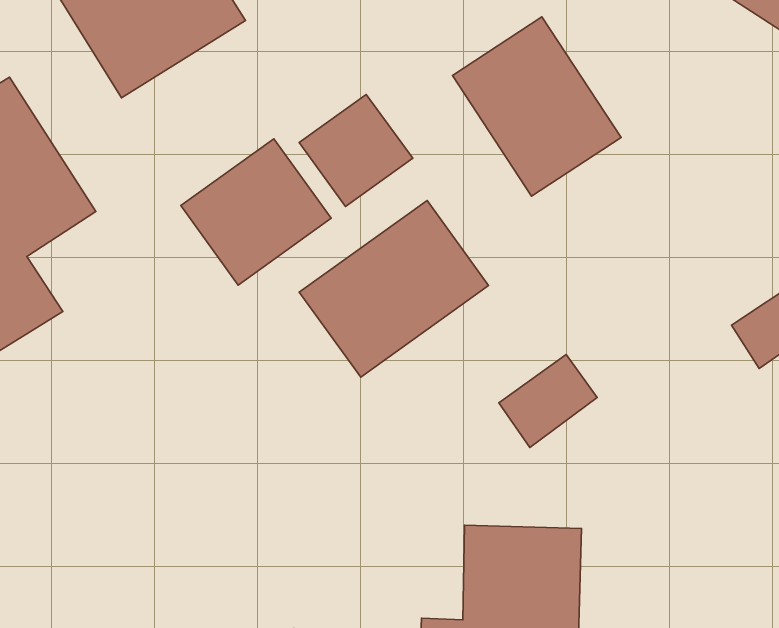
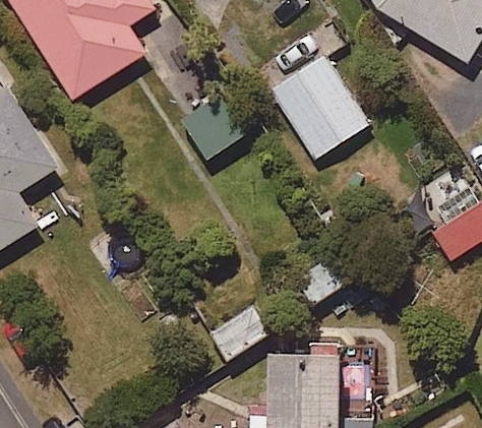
building: [181,139,331,285] -> none
building: [299,200,489,377] -> none

